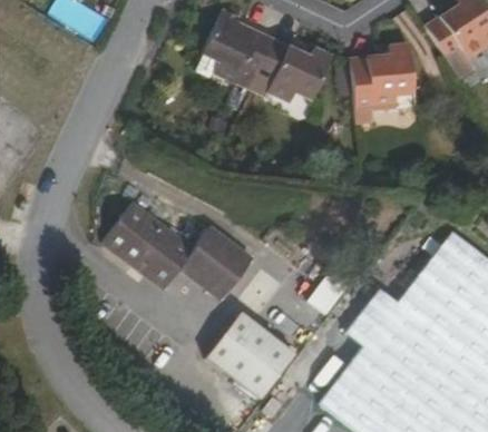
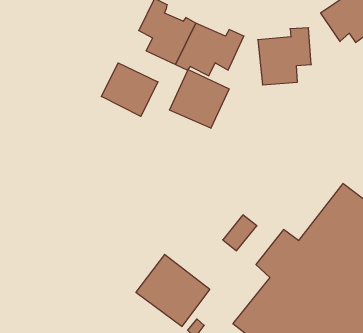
building: none -> [101,63,158,116]
building: none -> [169,69,229,128]
building: [104,202,252,300] -> none

